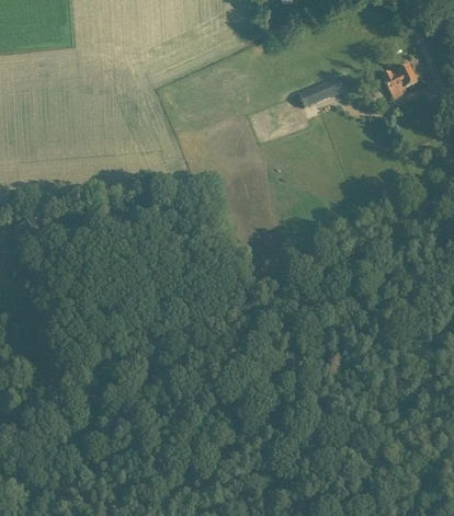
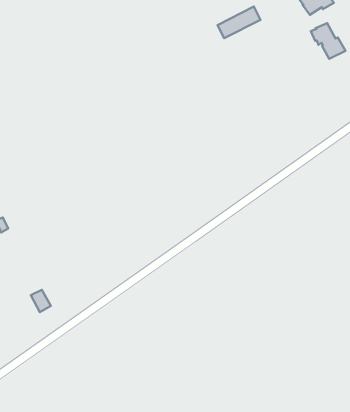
building: none -> [311,23,346,59]

